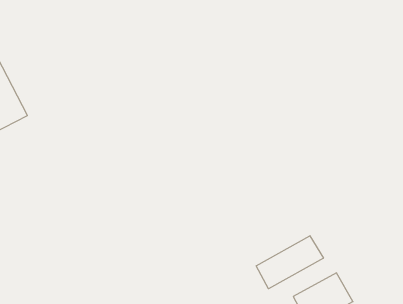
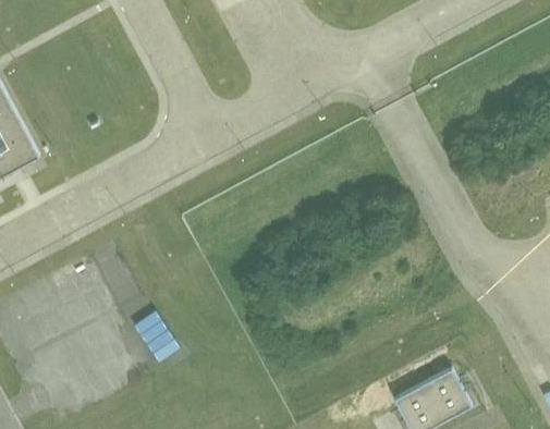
building: [256,236,323,289] -> none

